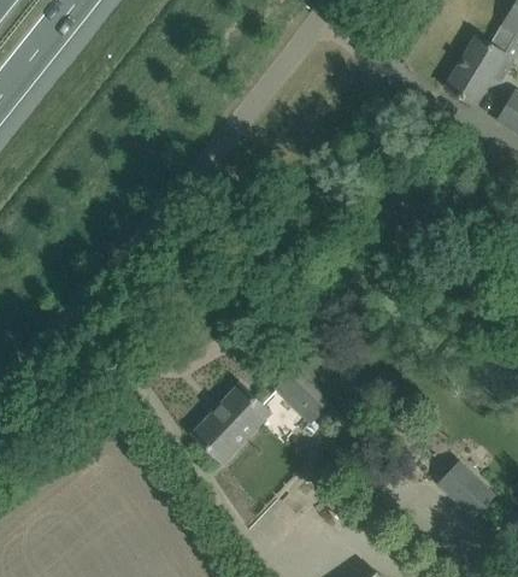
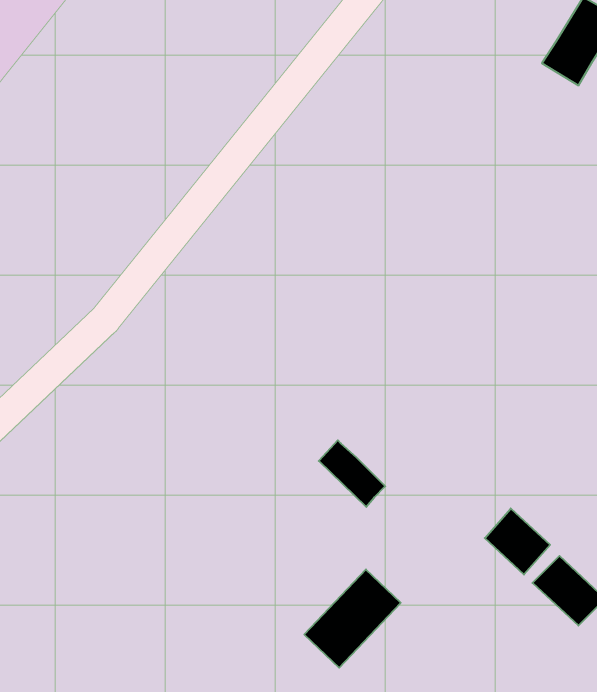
building: [194,384,267,459] -> [304,569,401,668]
building: none -> [485,508,550,575]

